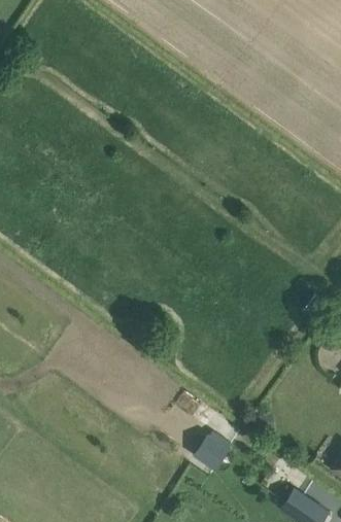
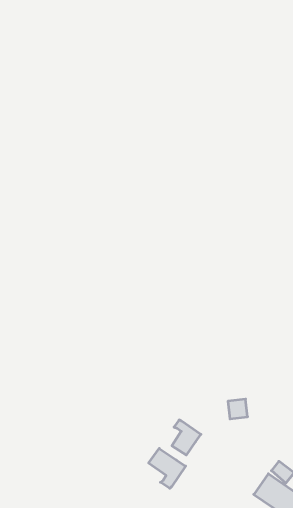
building: none -> [149,448,186,488]

